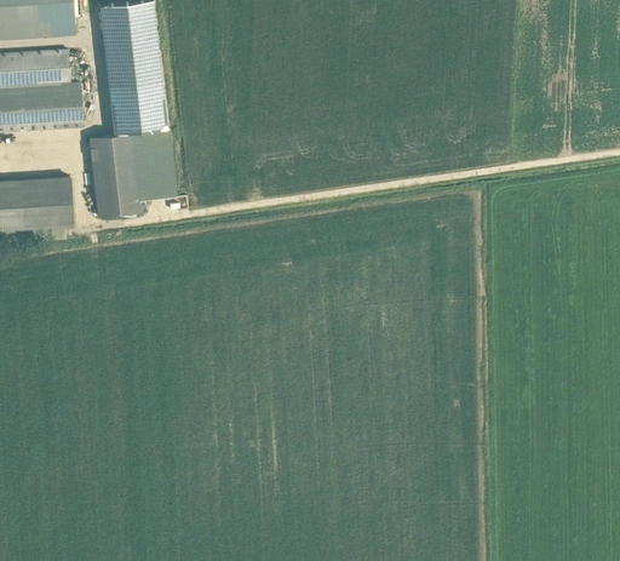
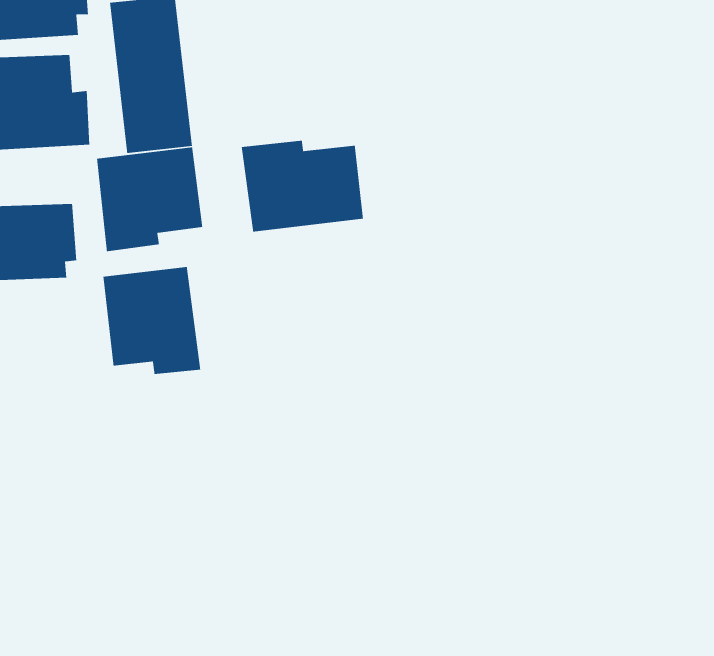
building: none -> [241,140,364,232]
building: none -> [102,266,201,375]

